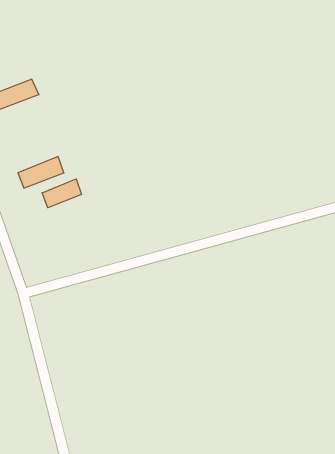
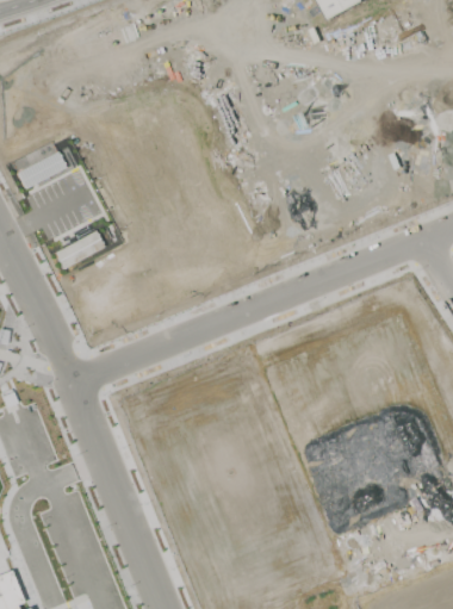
building: [42,179,81,208] -> none

